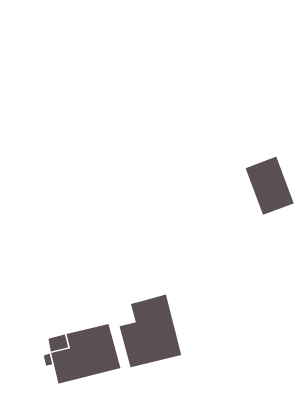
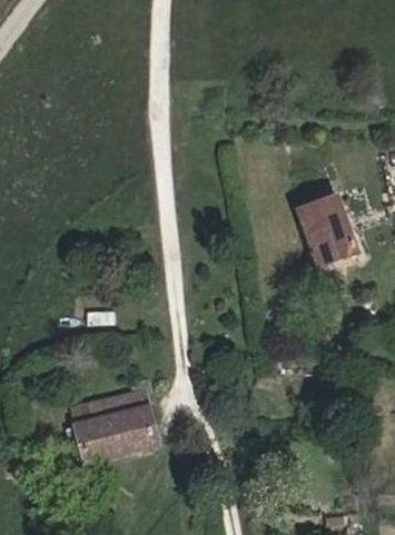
building: [118,294,182,368] -> none

